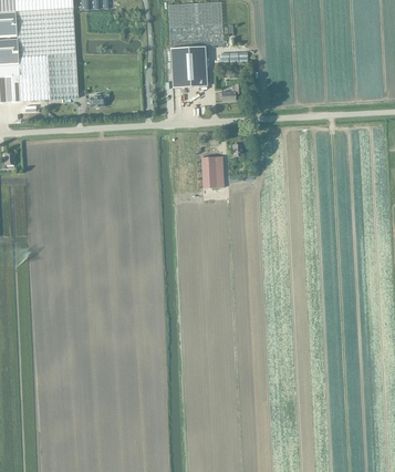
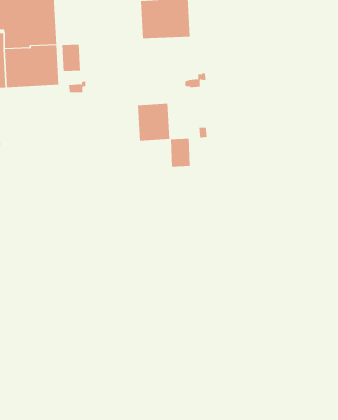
building: [170,45,207,88] -> [137,103,170,141]
building: none -> [62,44,81,72]

